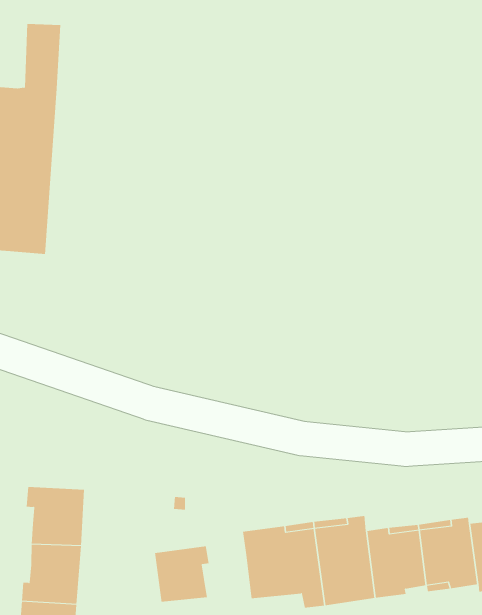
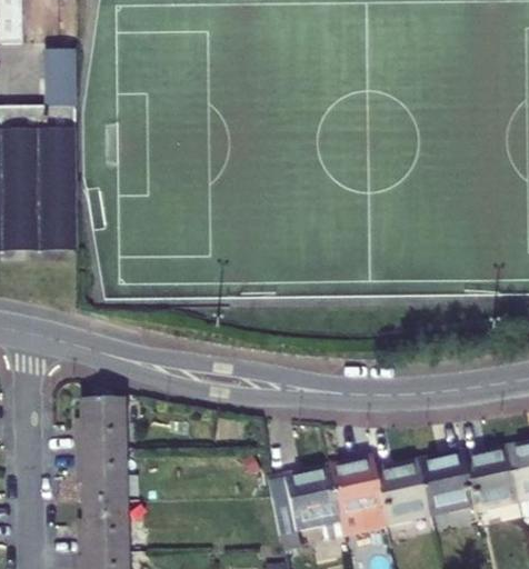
building: none -> [76,402,126,455]
building: [155,546,209,603] -> none

